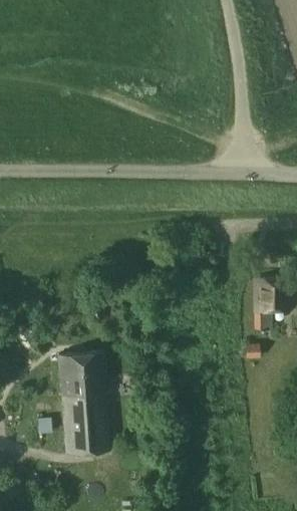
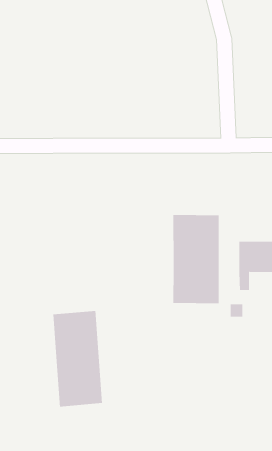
building: none -> [173,214,219,304]

